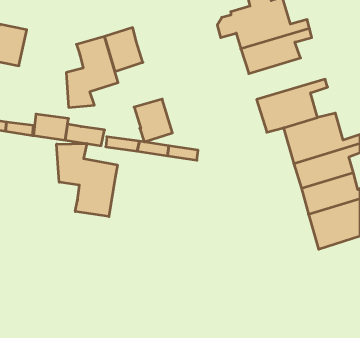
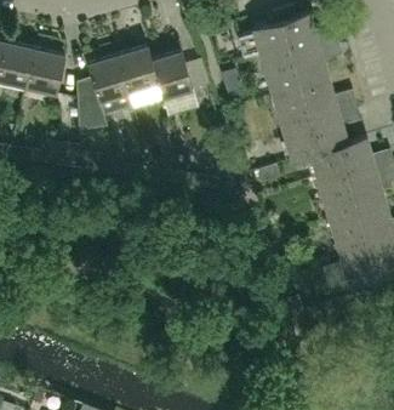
building: none -> [25,47,65,93]
building: none -> [273,78,355,123]
building: [134,99,172,142] -> [152,51,193,97]
building: [57,143,117,217] -> none

